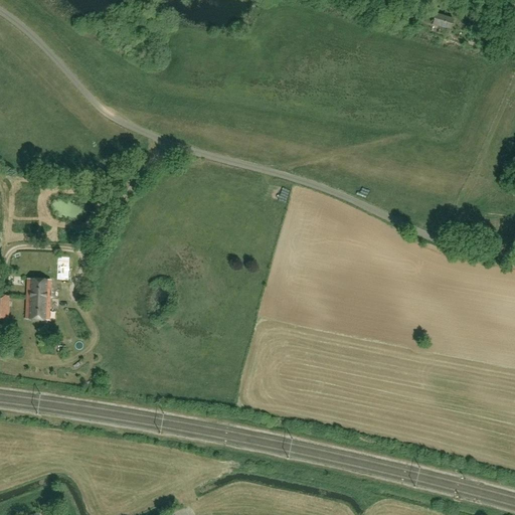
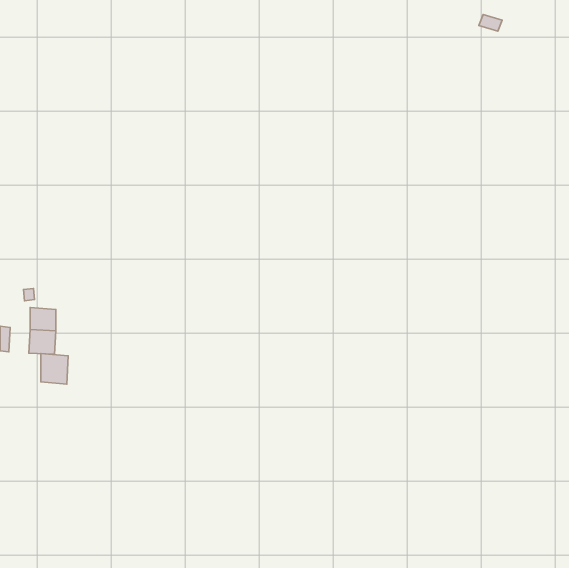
building: none -> [41,354,68,384]

